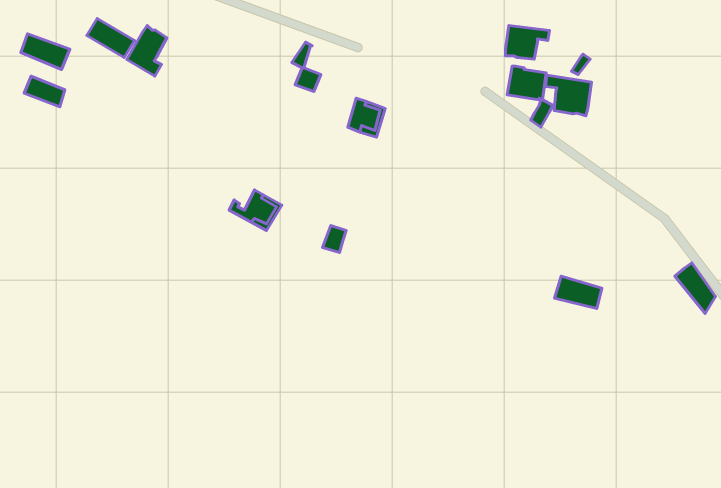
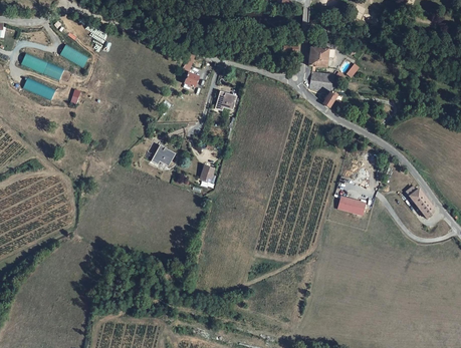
building: [127,26,167,76] -> none
building: [545,75,592,116] -> none

